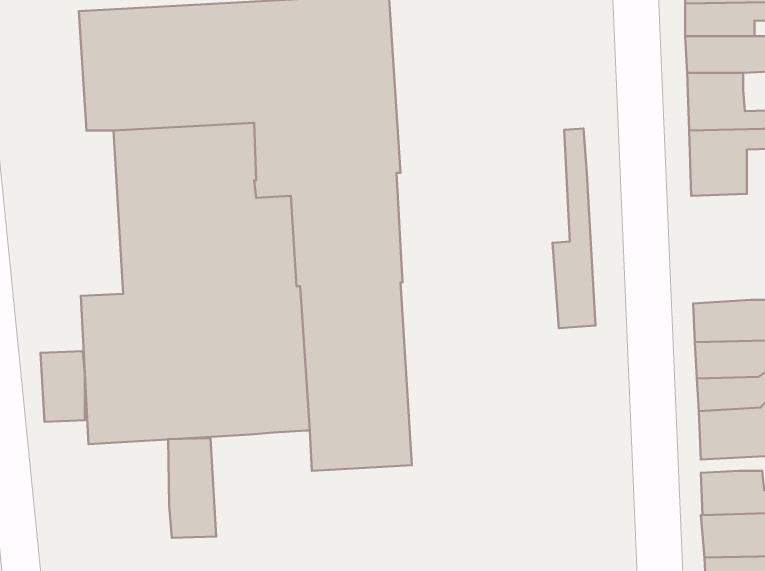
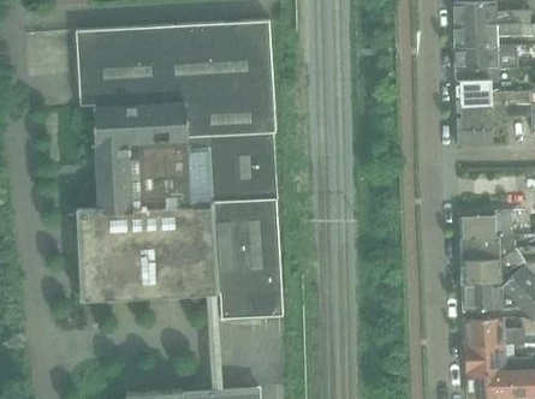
building: [553,128,596,328] -> none
building: [41,351,85,422] -> none
building: [168,438,216,538] -> none

